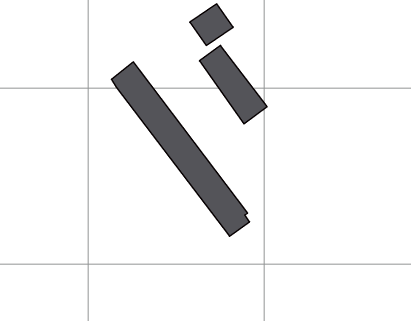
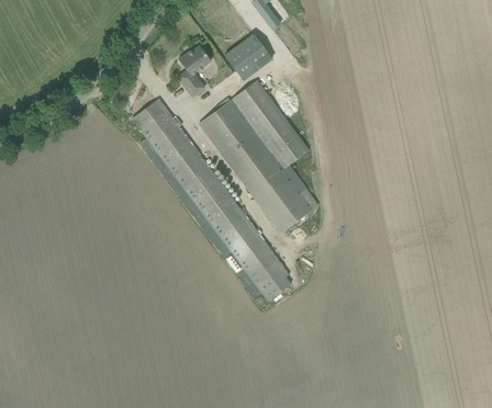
building: none -> [176,47,210,99]
building: none -> [198,99,317,234]

